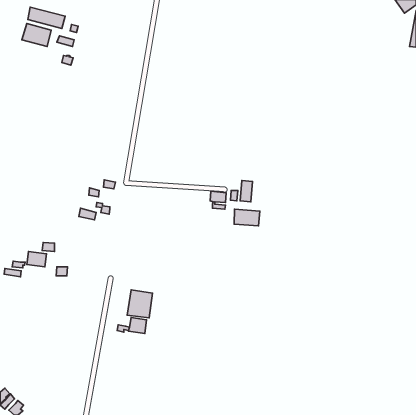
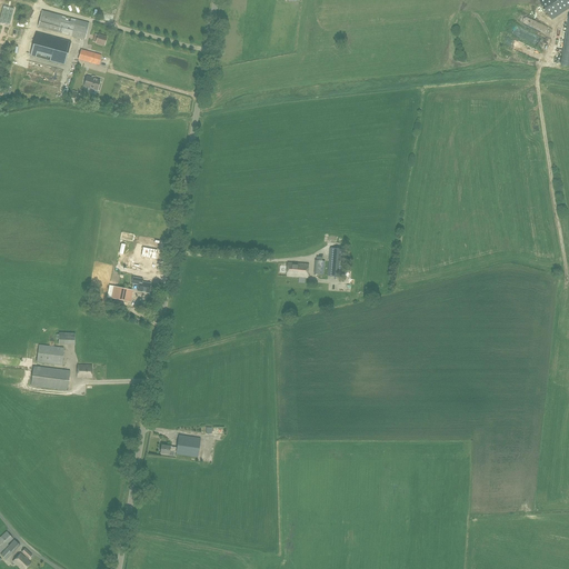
building: [234,209,260,226] -> none
building: none -> [31,366,70,389]
building: [127,290,153,318] -> none

